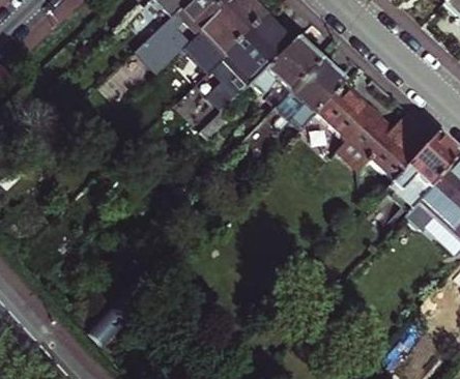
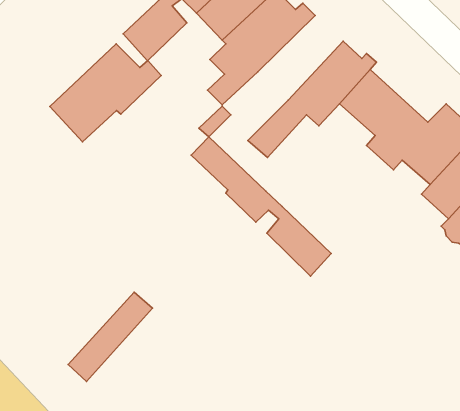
building: [251,30,323,106] -> none
building: none -> [50,44,161,142]
building: none -> [191,137,331,276]

